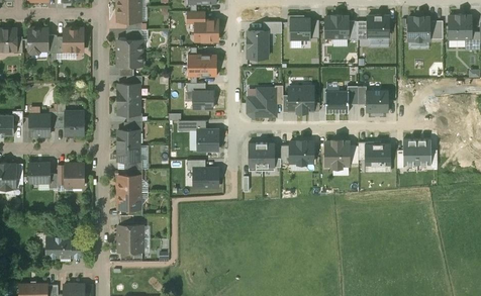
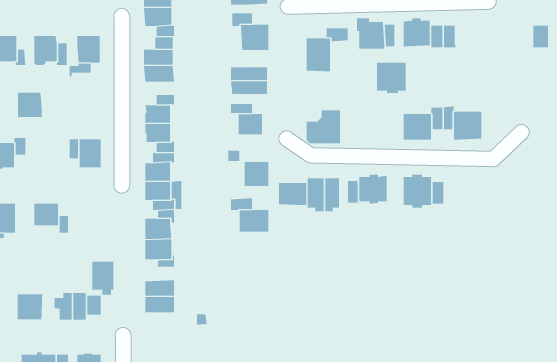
building: [368,15,389,38] -> none
building: [408,17,429,40] -> none
building: [289,87,313,112] -> [376,62,406,94]
building: [30,115,51,135] -> [17,92,43,117]
building: [403,140,431,166] -> none
building: [365,144,391,173] -> none
building: none -> [278,182,307,206]
building: [66,164,84,191] -> [92,261,114,295]
building: none -> [17,294,43,320]

